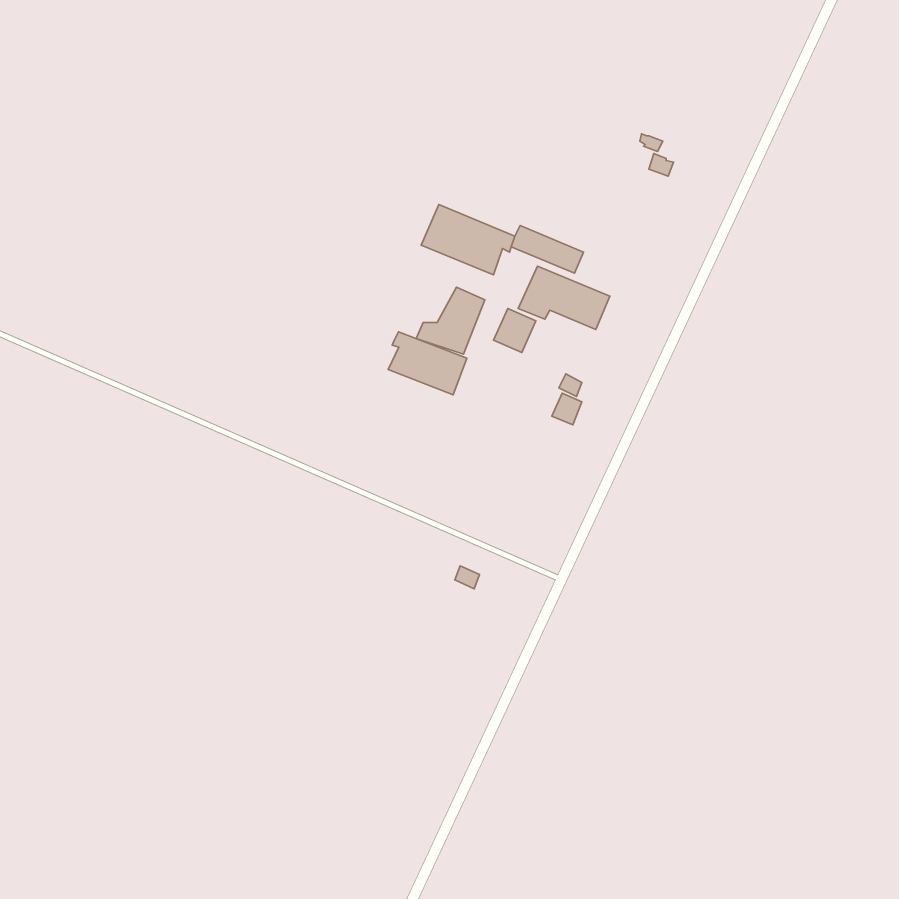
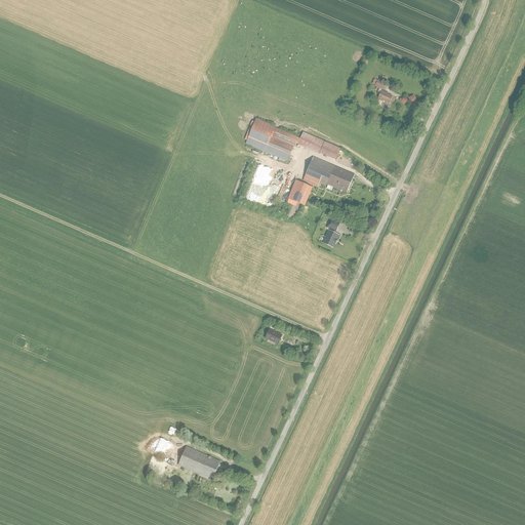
building: [388,332,467,395] -> none
building: none -> [178,446,219,479]

